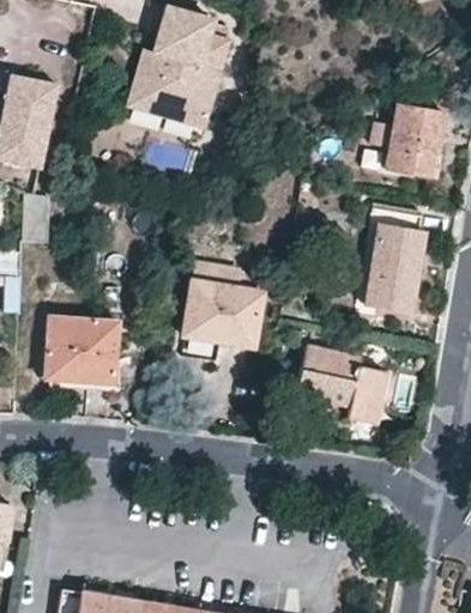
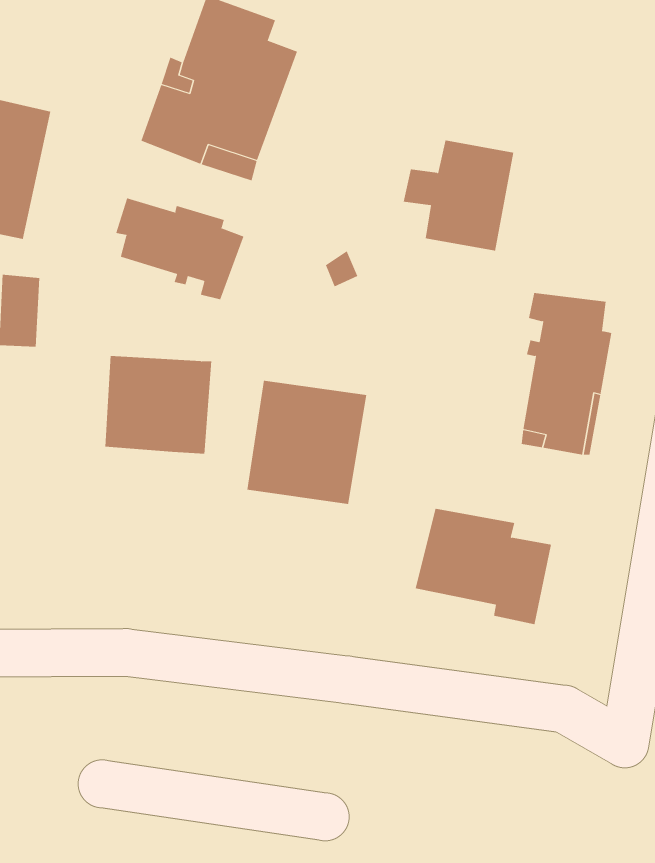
building: [373,104,446,177] -> [403,140,514,251]
building: none -> [116,197,244,300]
building: [47,317,117,382] -> [105,355,212,454]

